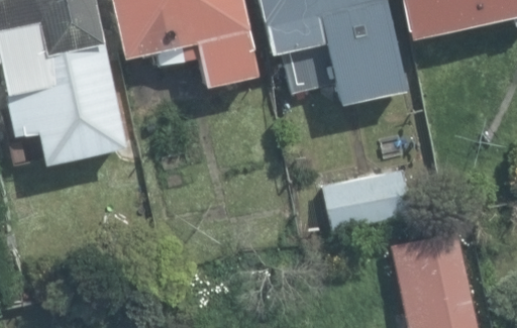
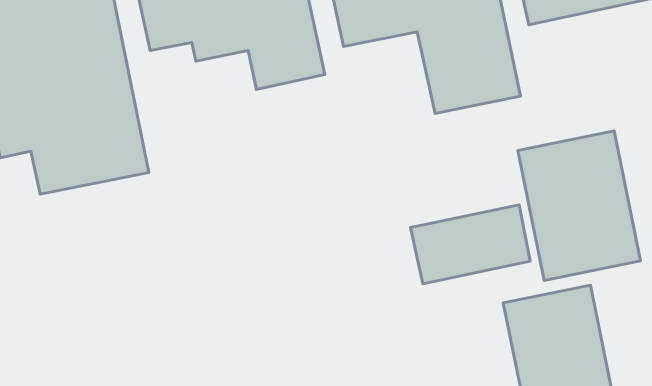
building: none -> [518,131,640,281]

